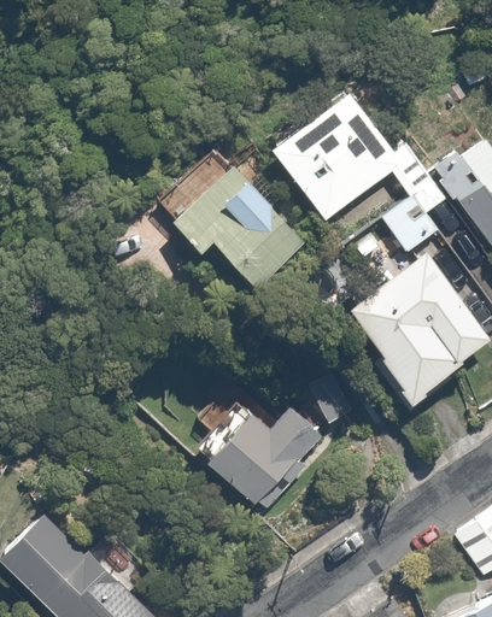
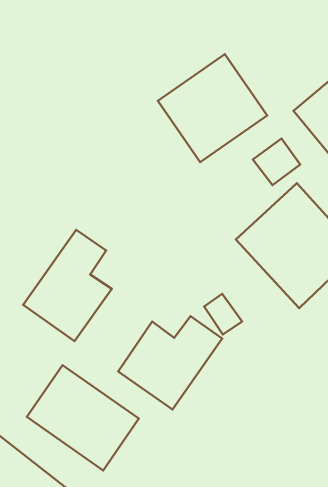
building: [153,143,309,294] -> none
building: none -> [23,230,112,341]
building: none -> [27,365,139,470]

